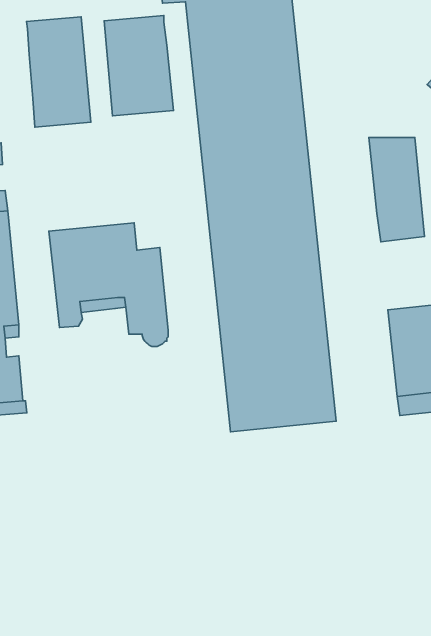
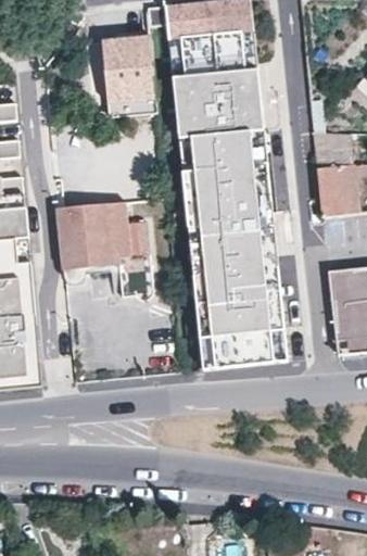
building: [26,17,91,127] -> none

